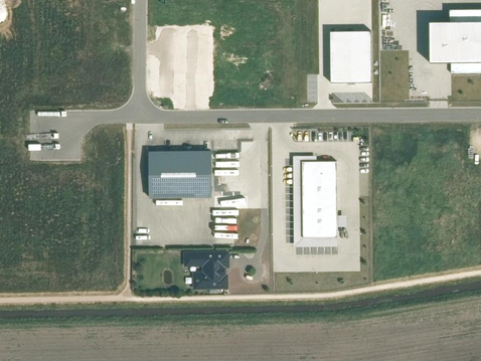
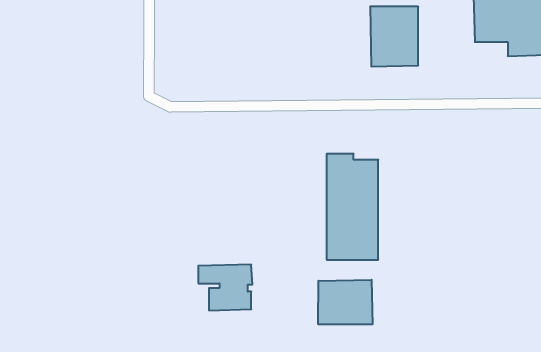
building: [147,151,211,198] -> none
building: none -> [318,280,372,324]

